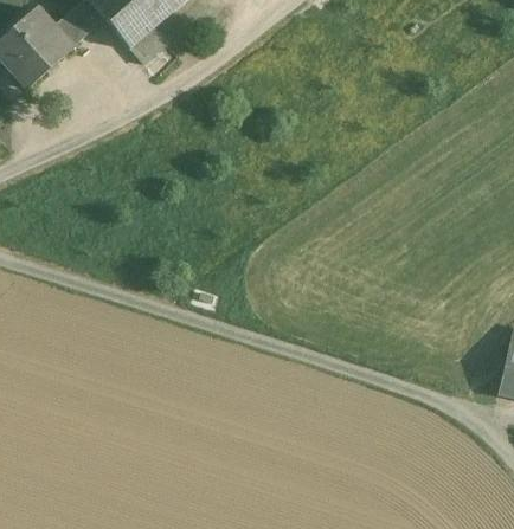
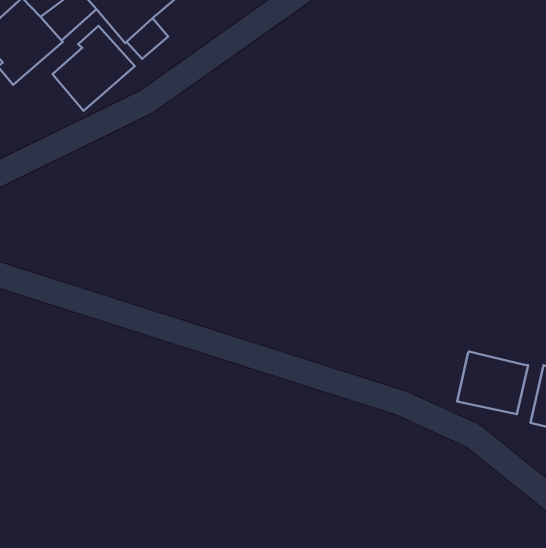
building: none -> [52,26,135,111]
building: none -> [457,351,528,414]

